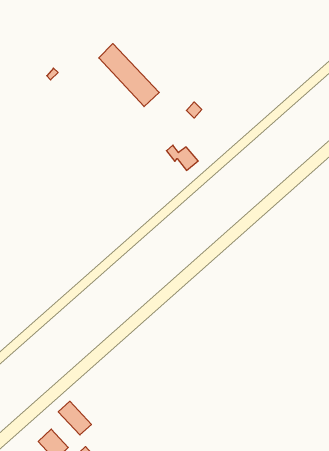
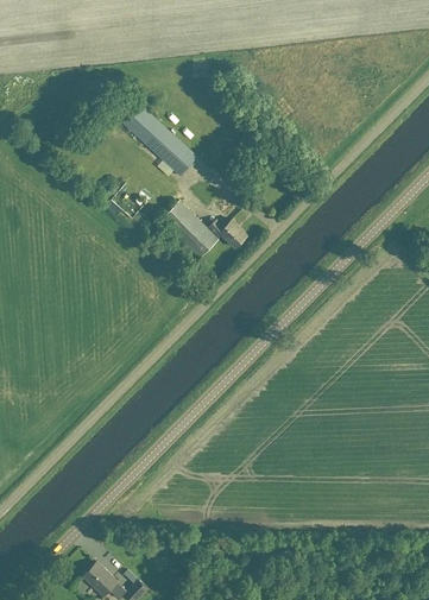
building: none -> [160,200,217,258]
building: [58,401,91,435] -> none

